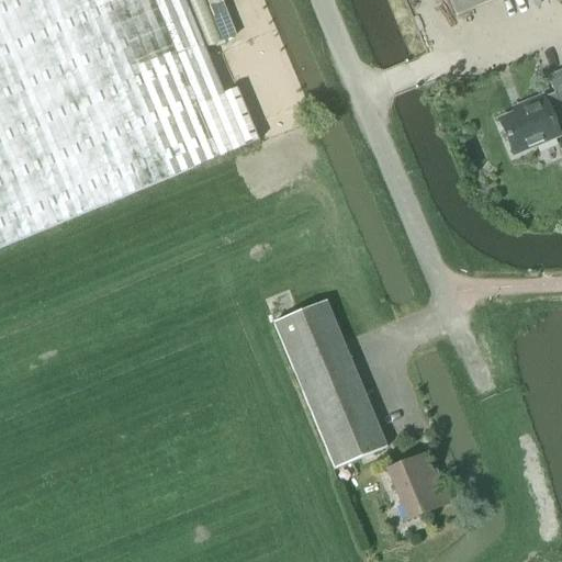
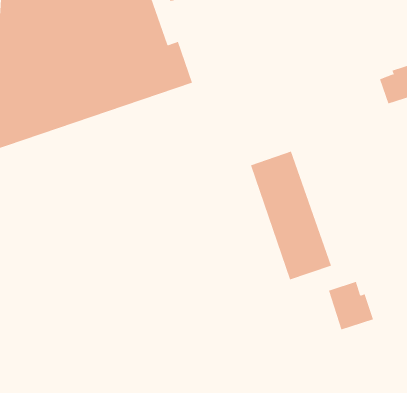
building: [272,299,386,467] -> [250,151,332,280]
building: [386,453,448,518] -> [328,281,374,330]

